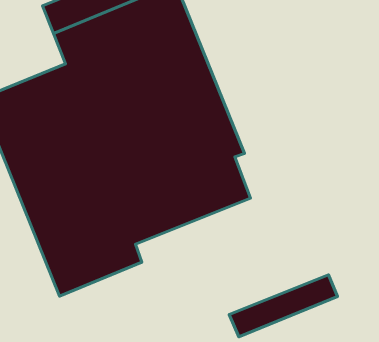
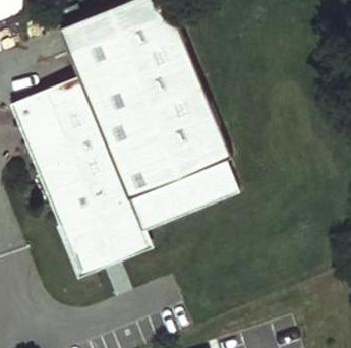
building: [229,275,337,337] -> none

